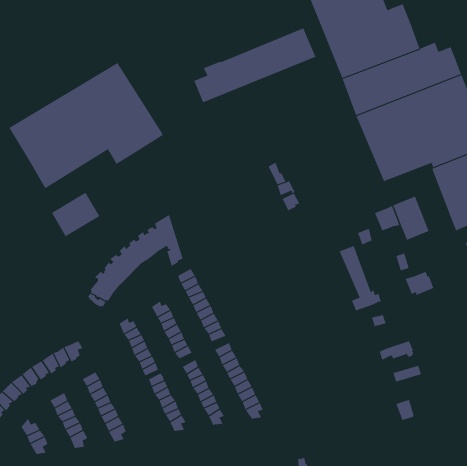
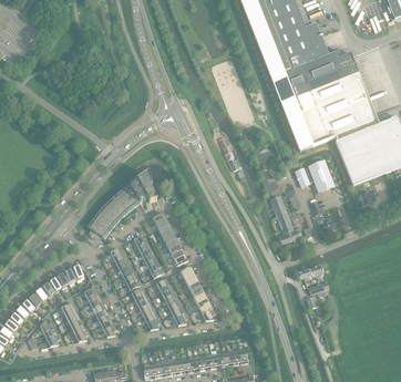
building: [194,27,316,103] -> none
building: [9,62,163,189] -> none
building: [51,192,100,237] -> none

